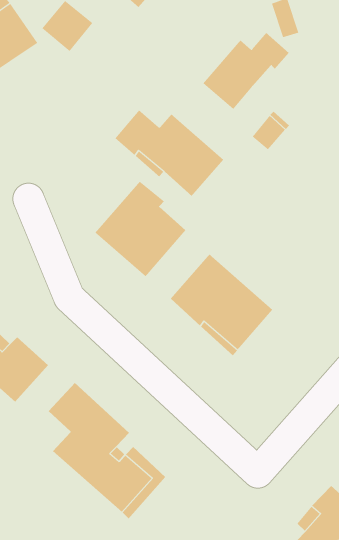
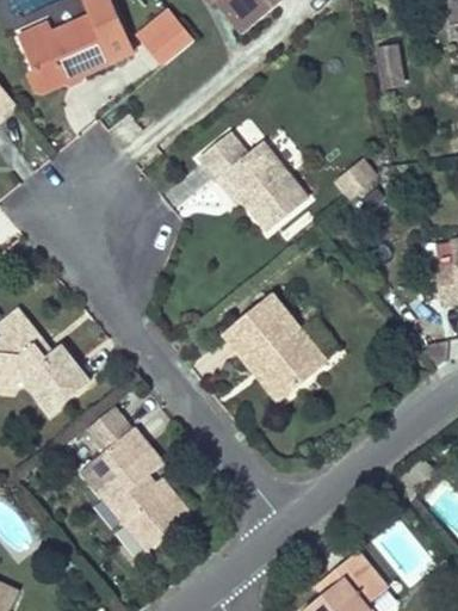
building: [202,32,290,110] -> none
building: [95,181,186,277] -> none

